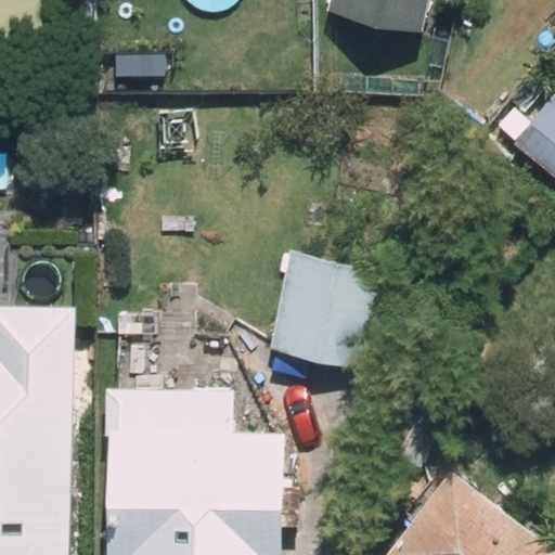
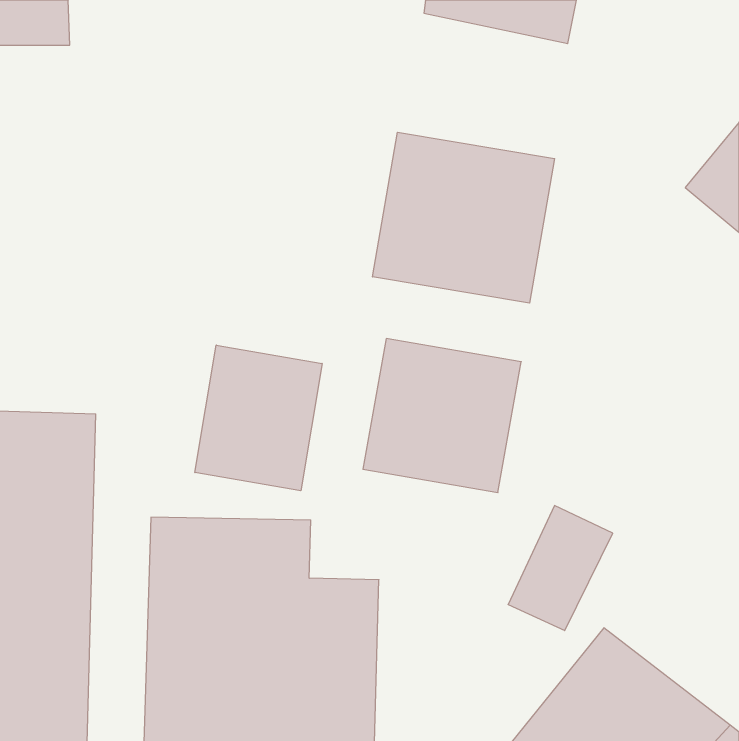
building: none -> [373,132,555,303]
building: none -> [195,345,322,491]

